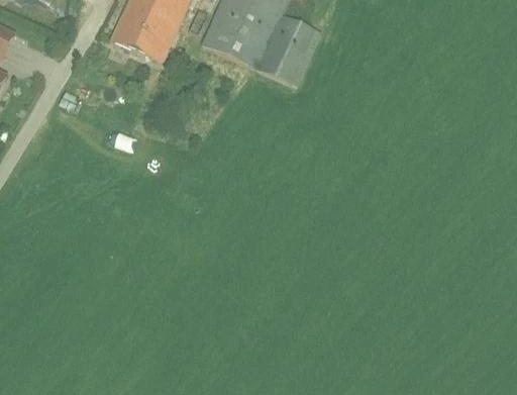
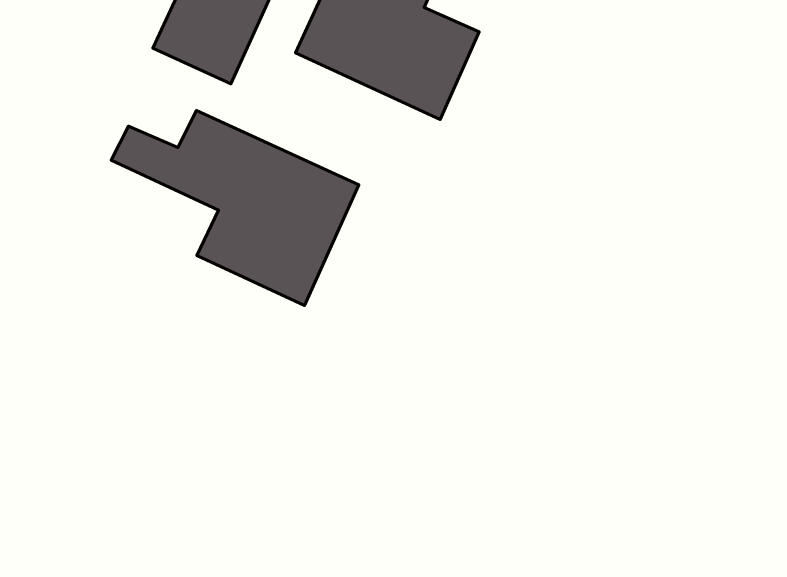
building: none -> [111,111,359,306]

